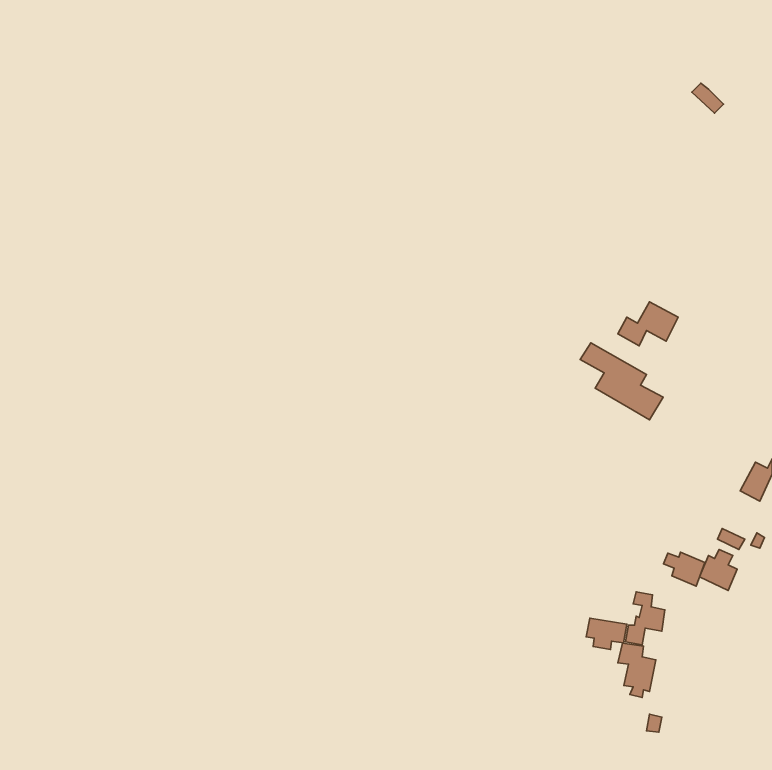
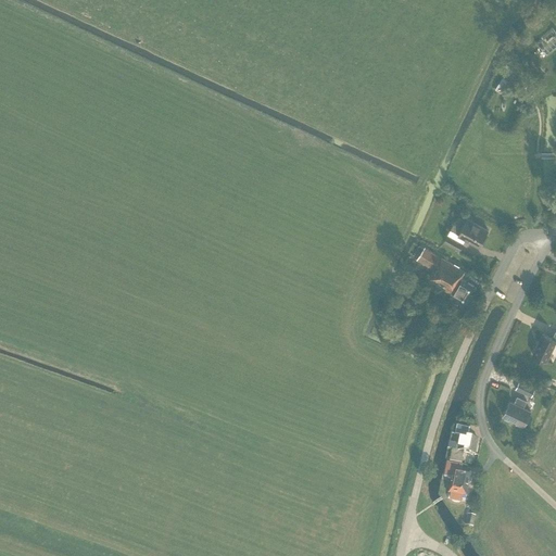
building: [663,552,705,586] -> none
building: [586,618,627,650] -> none

